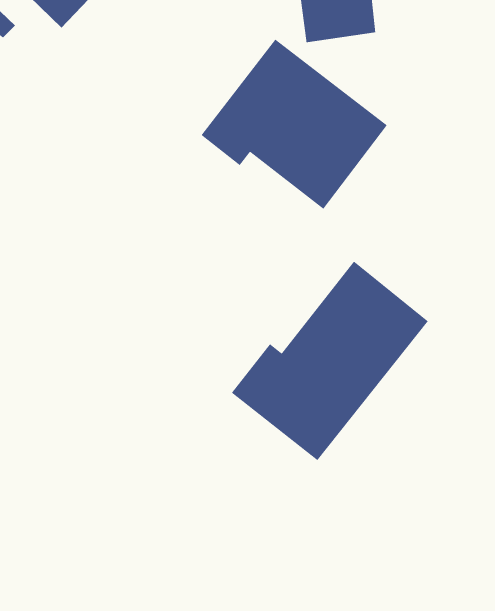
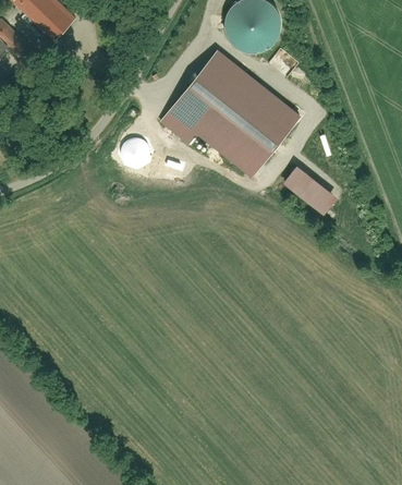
building: none -> [289,165,346,218]
building: [231,261,429,461] -> none

